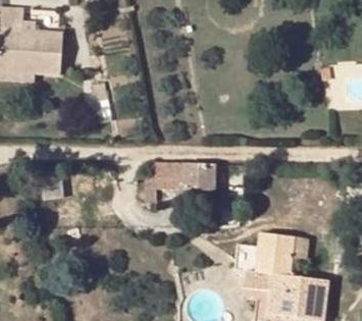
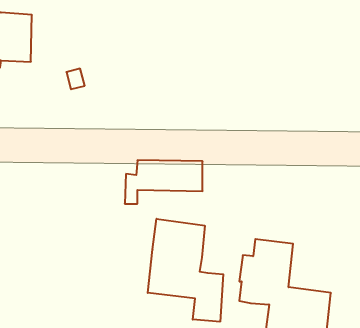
building: none -> [148,219,223,322]

